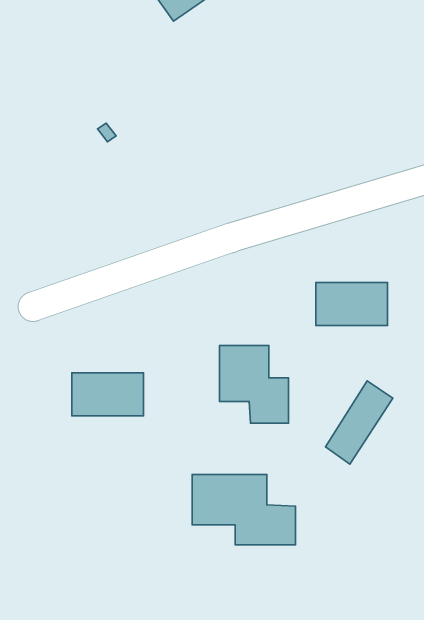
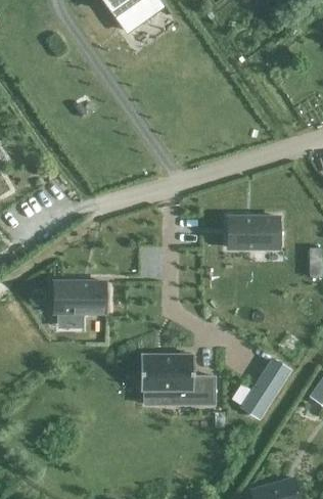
building: [219,346,288,423] -> none
building: [325,381,393,464] -> [242,358,290,417]

